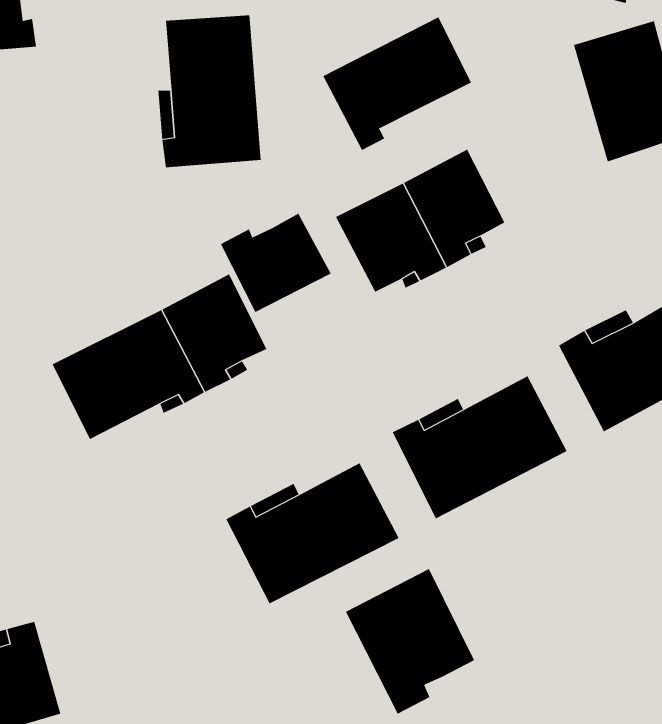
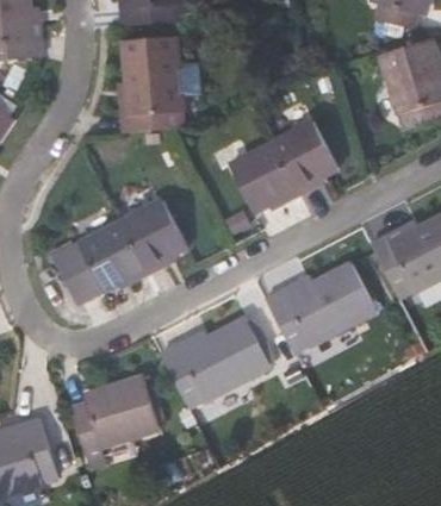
building: [322,16,472,151] -> none
building: [220,213,332,313] -> none
building: none -> [70,376,160,450]
building: [345,568,475,714] -> none

